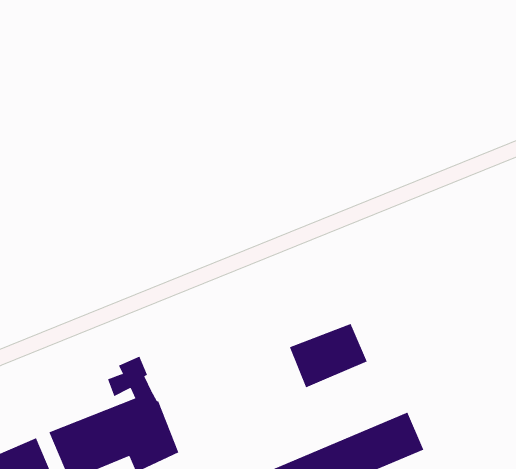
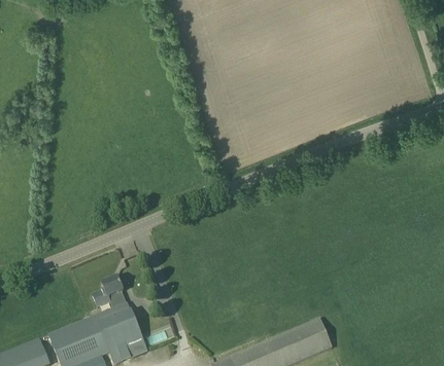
building: [289,323,367,388] -> none

